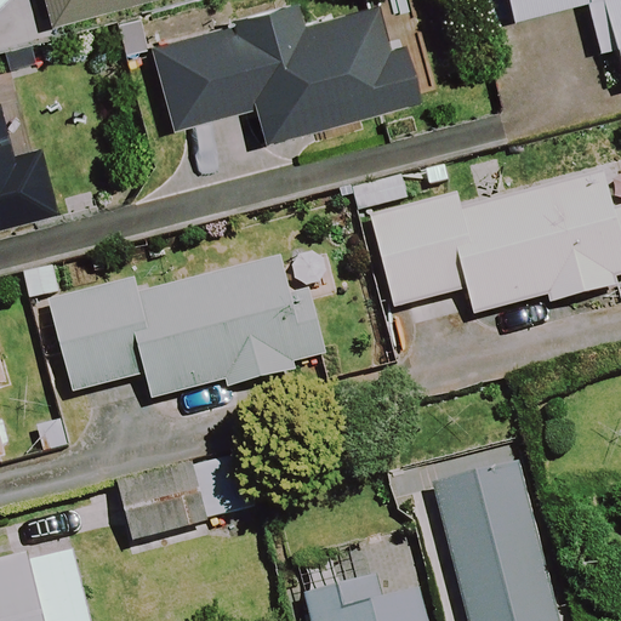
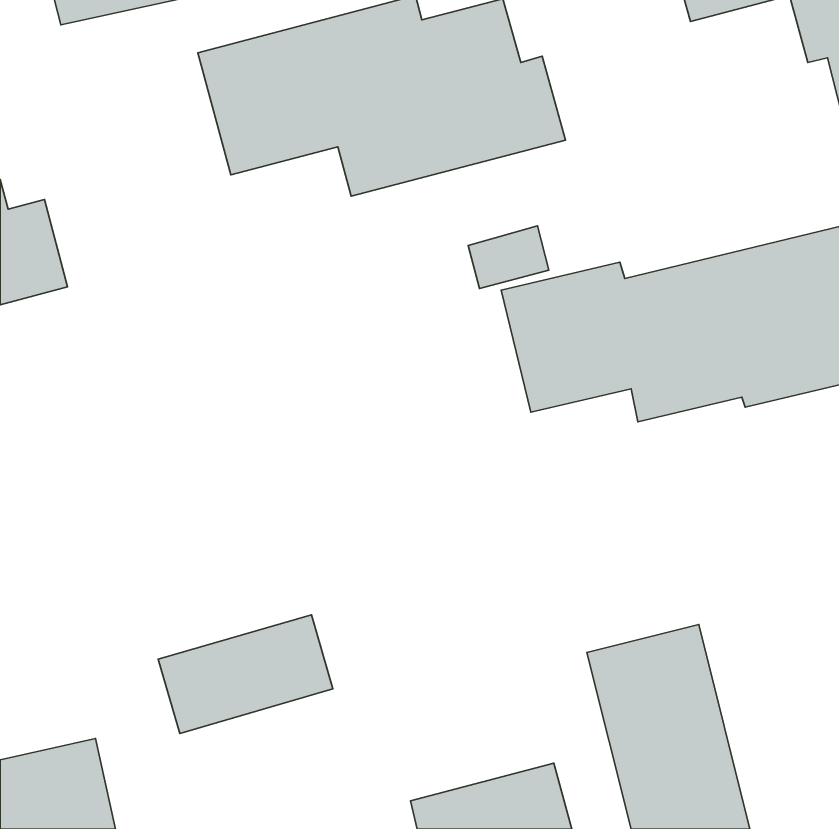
building: [50,250,329,404] -> none

